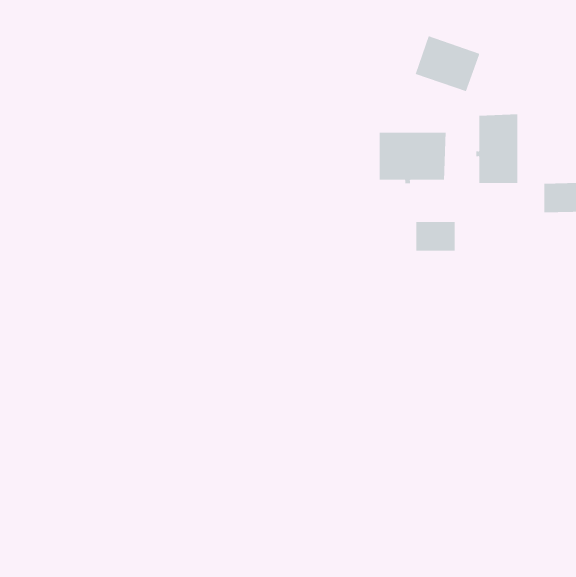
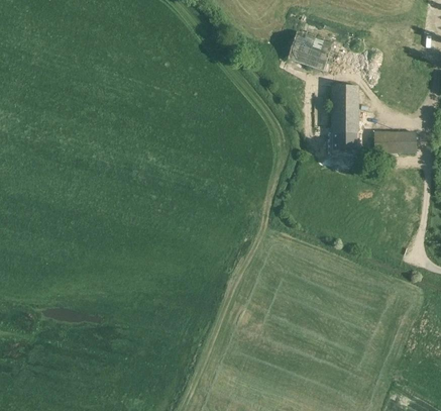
building: [379,132,446,184] -> none
building: [416,222,455,251] -> [332,132,359,152]

